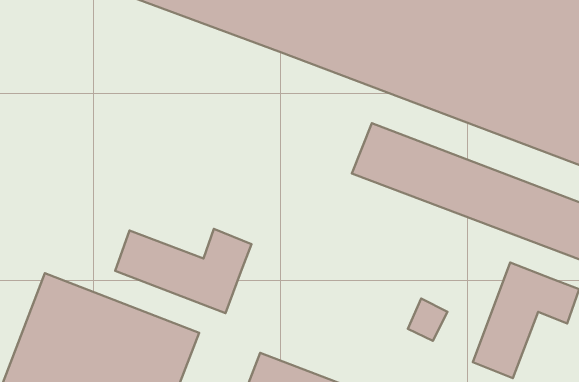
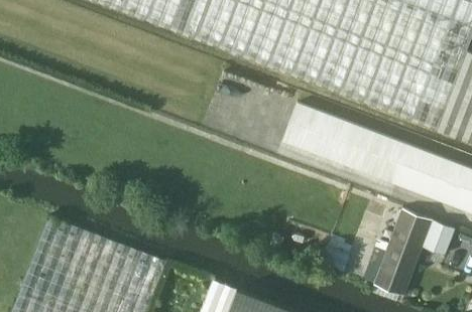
building: [115,229,251,313] -> none

